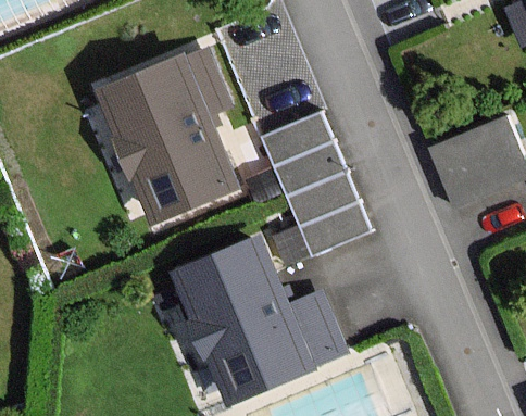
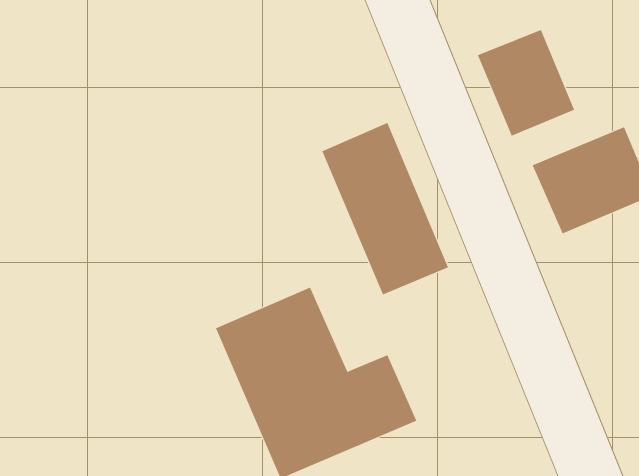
building: none -> [477,29,575,137]
building: [100,49,231,218] -> none

